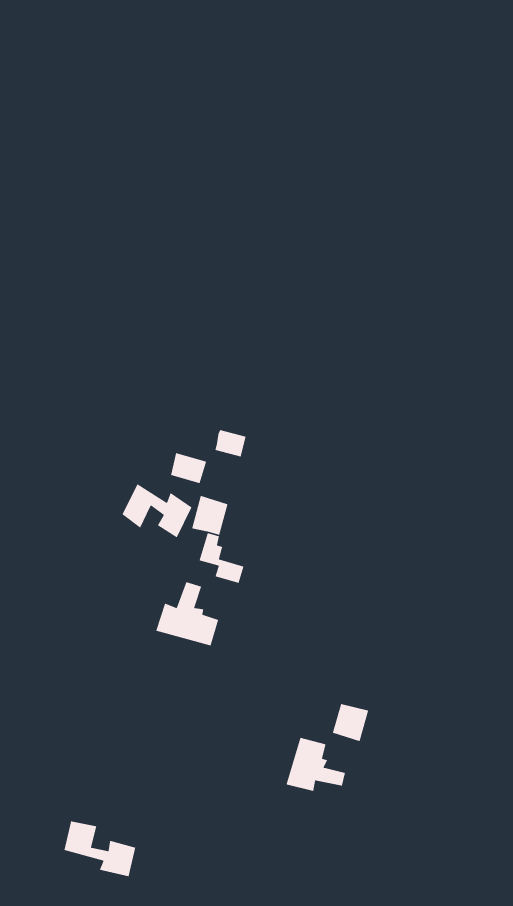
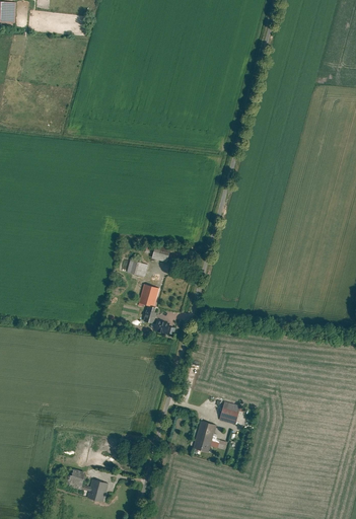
building: [122,483,192,538] -> none
building: [155,581,219,646] -> none

